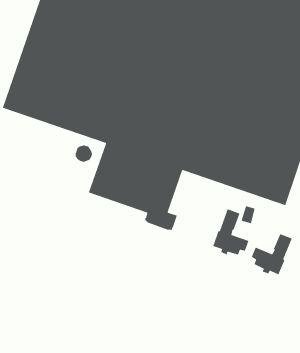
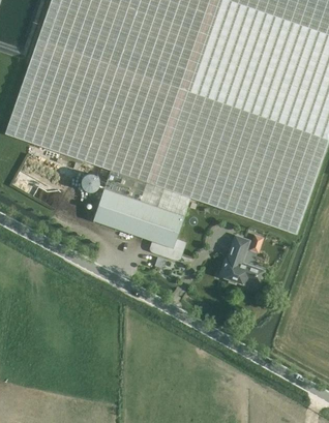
building: [251,233,293,275] -> none

